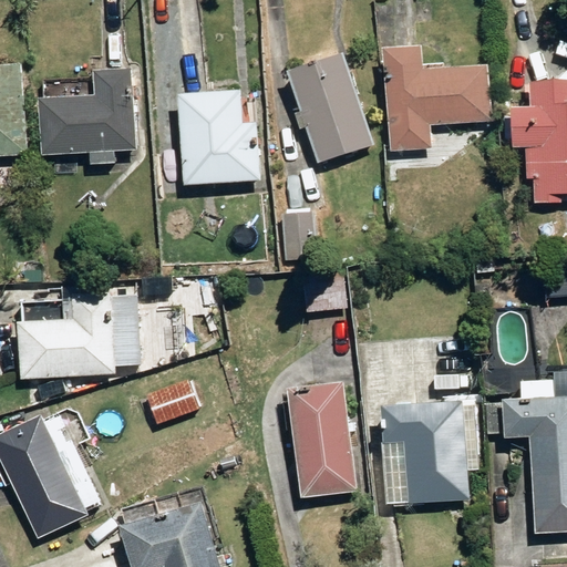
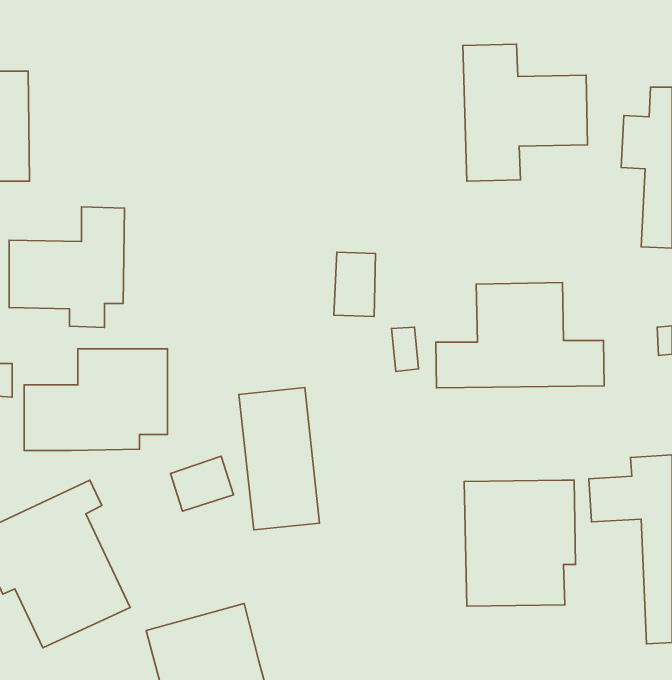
building: [289,53,371,162] -> none
building: [40,68,135,167] -> [9,207,125,327]
building: [179,92,257,184] -> none
building: none -> [436,283,604,388]
building: [291,381,358,498] -> [239,388,319,530]

